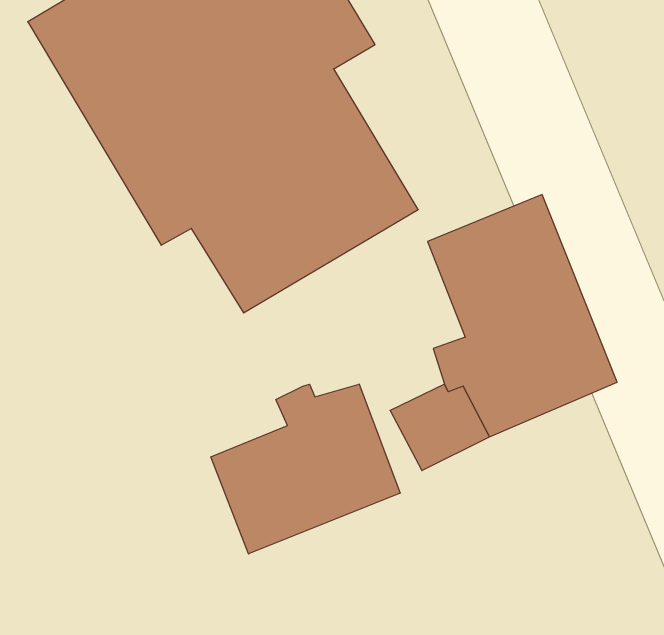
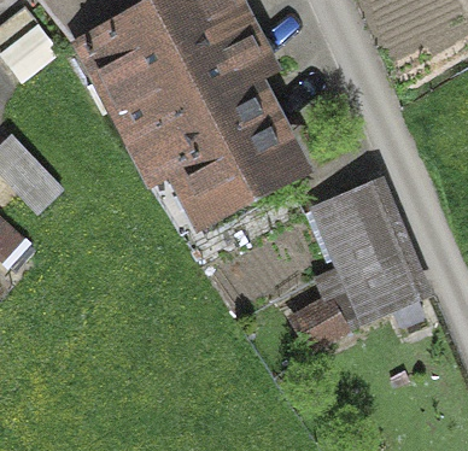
building: [211,384,400,554] -> none

